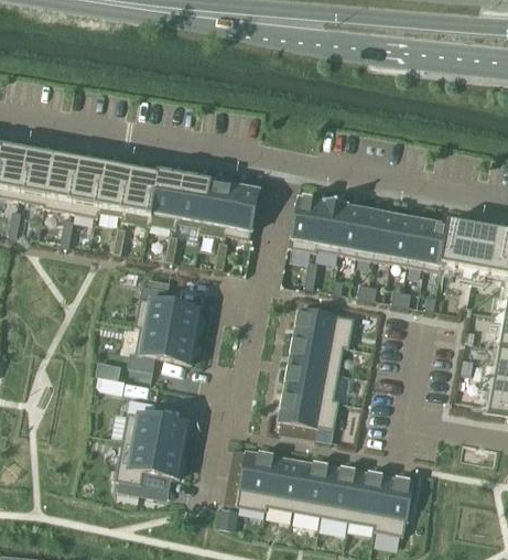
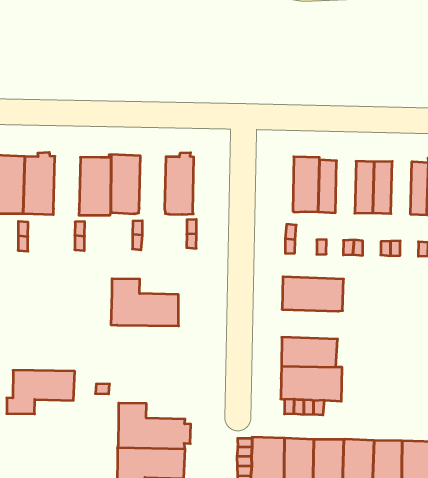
building: [99,162,131,214] -> none
building: [177,174,209,226] -> none
building: [226,183,259,237] -> none
building: [291,195,326,250] -> none
building: [356,207,382,258] -> none
building: [407,216,433,267] -> none
building: [128,325,196,368] -> [7,370,75,414]
building: [289,335,344,370] -> none

